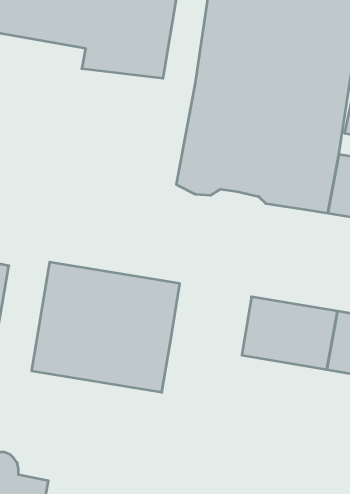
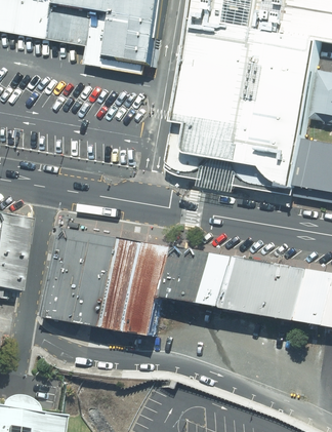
building: none -> [162,247,232,309]

